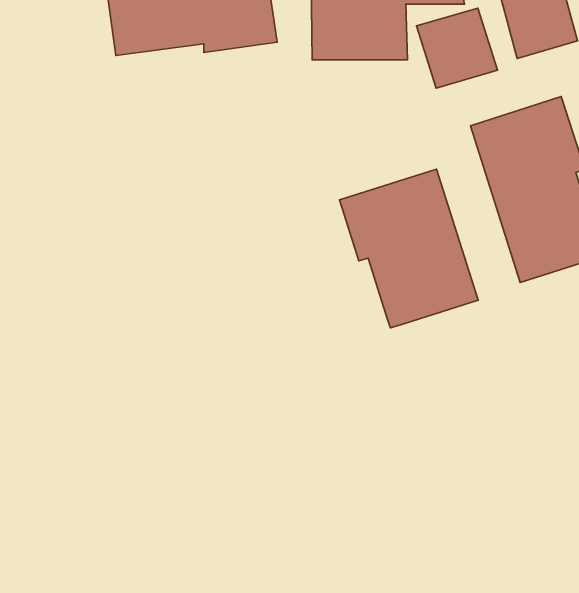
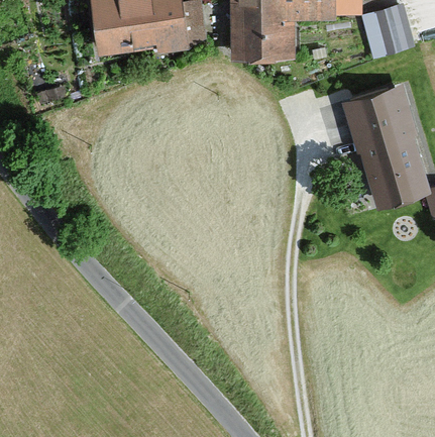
building: [416,8,497,88] -> none
building: [340,169,478,328] -> none

